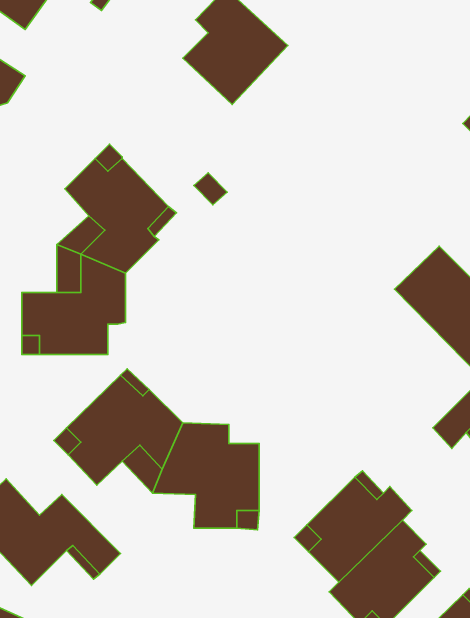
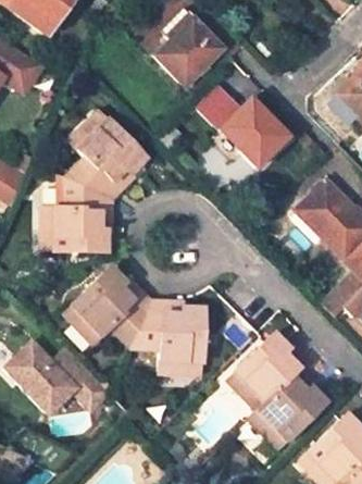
building: none -> [198,88,287,169]

